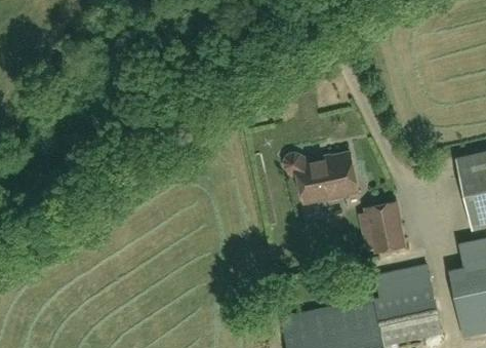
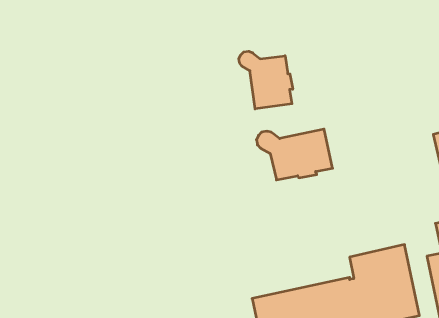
building: none -> [239,51,293,109]
building: [360,201,405,252] -> none

